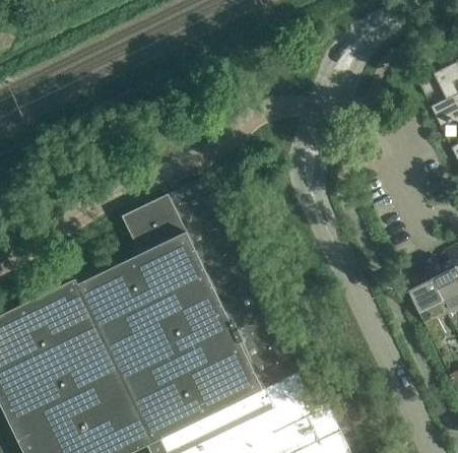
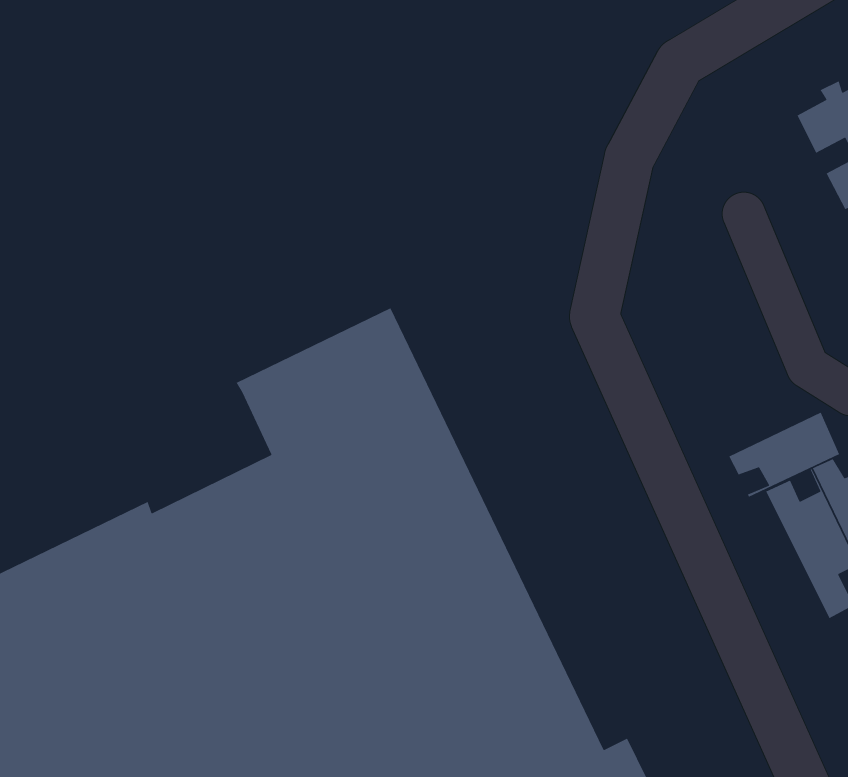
building: none -> [728,411,840,498]

